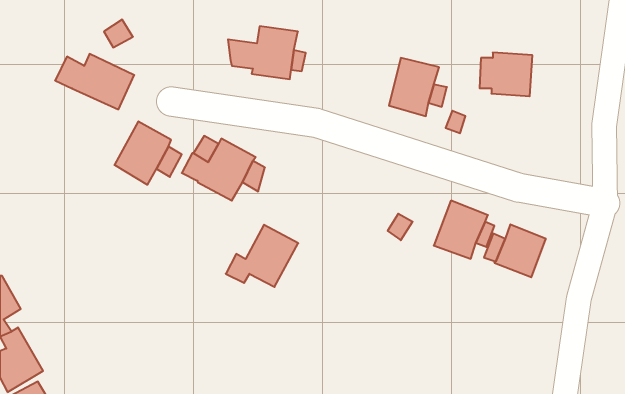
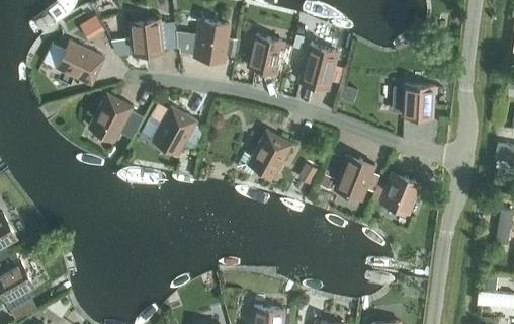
building: none -> [111,21,177,56]
building: none -> [247,36,292,74]
building: [480,53,532,96] -> [393,85,433,118]
building: [226,225,298,287] -> [236,131,291,178]

